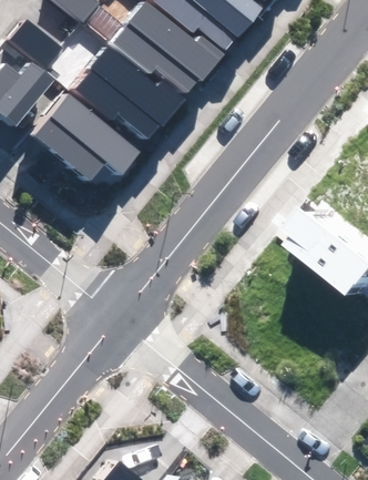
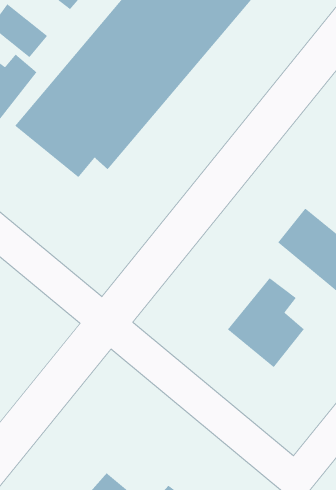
building: none -> [227,277,305,368]

